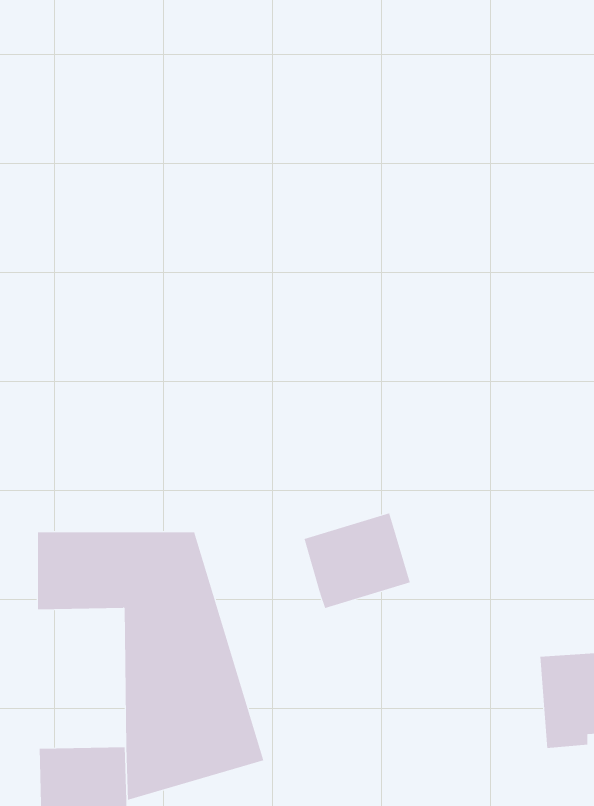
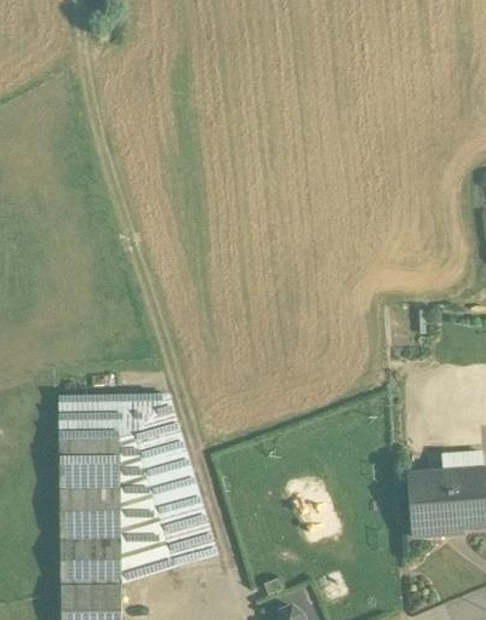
building: [304,512,410,609] -> none
building: none -> [58,443,120,541]

